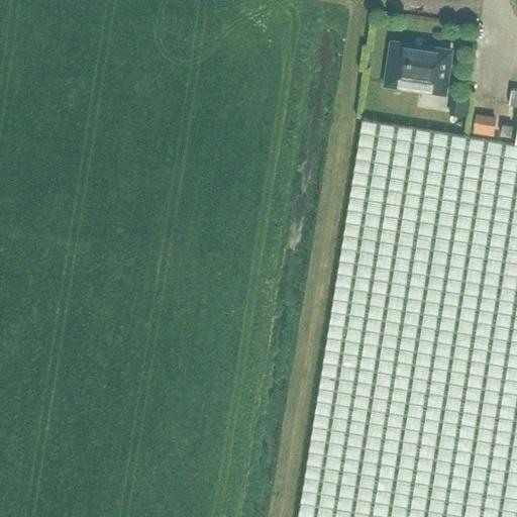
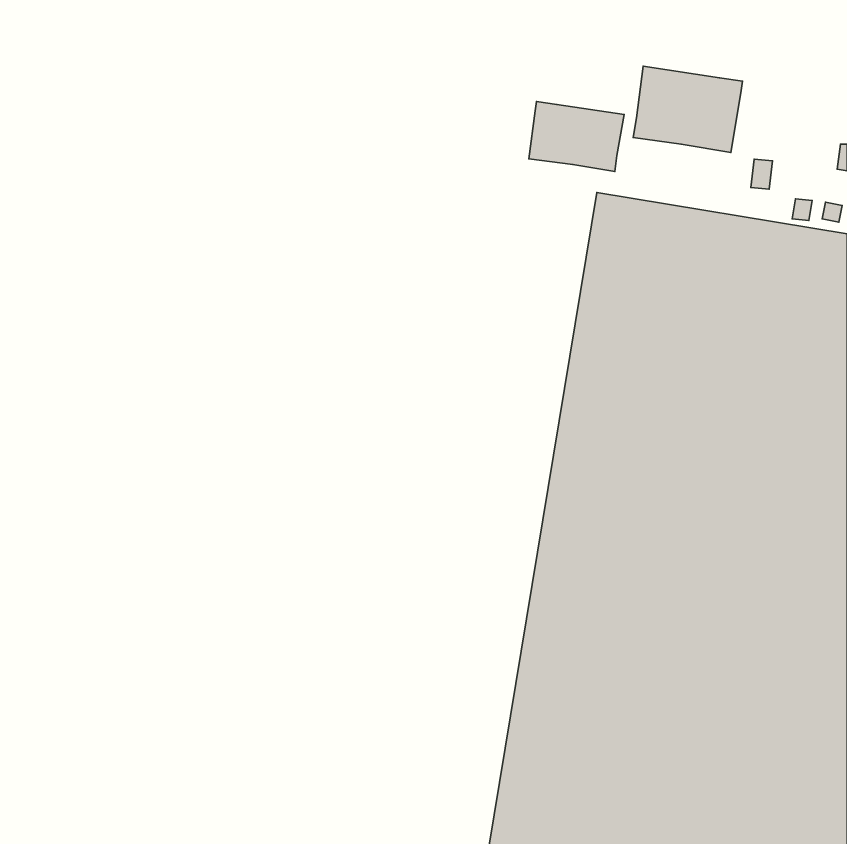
building: none -> [529,101,624,171]

